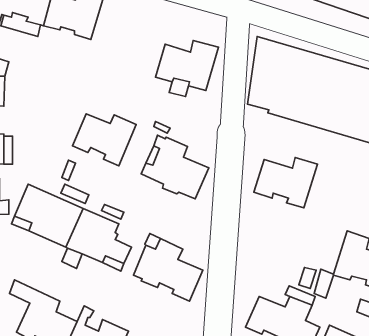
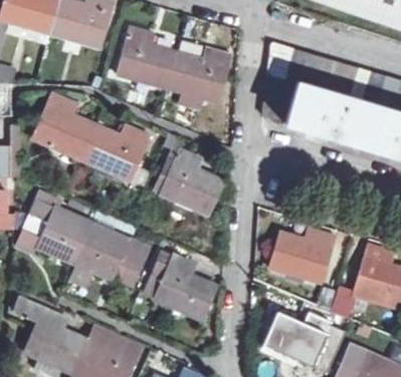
building: none -> [118,28,178,87]
building: none -> [33,94,95,158]
building: [254,158,317,208] -> [268,231,335,283]

